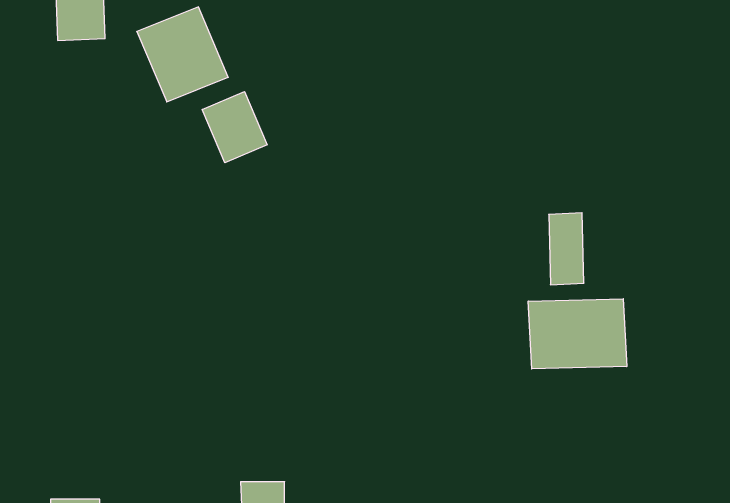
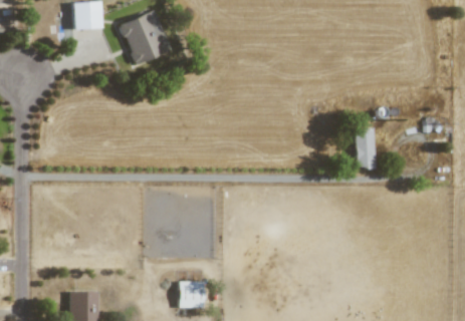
building: [202,92,267,163] -> none
building: [528,299,627,369] -> none

